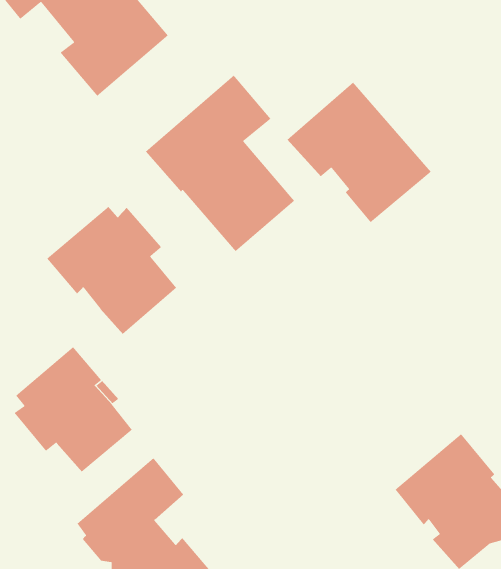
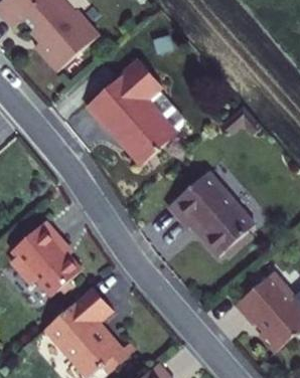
building: [287,81,432,223] -> [167,172,253,255]
building: [46,206,177,335] -> none

